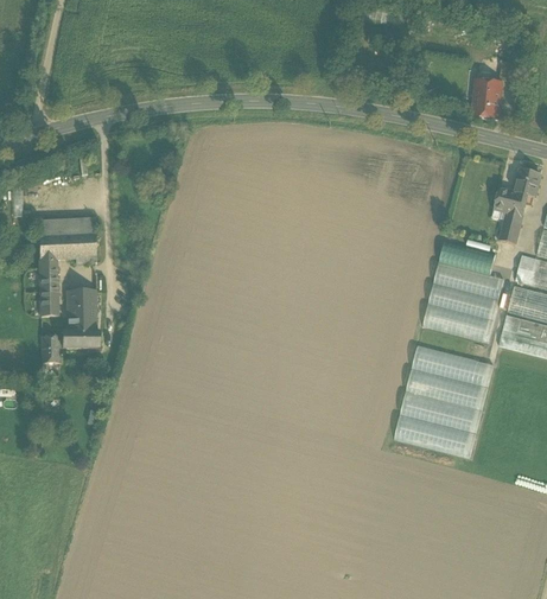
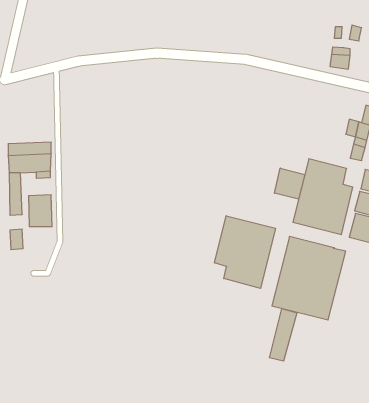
building: none -> [274,168,305,199]
building: none -> [215,216,275,288]
building: [62,331,100,348] -> none
building: none -> [269,308,297,361]

